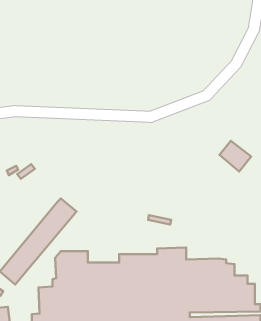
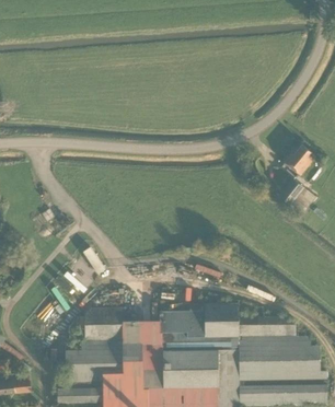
building: none -> [284,144,314,175]

